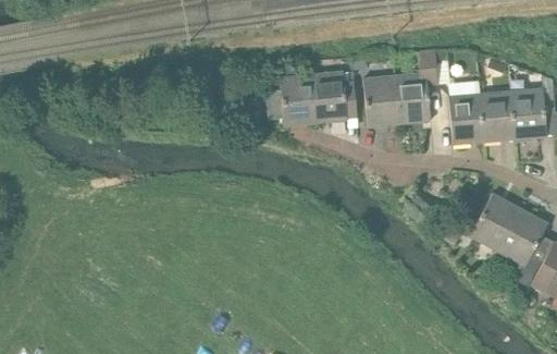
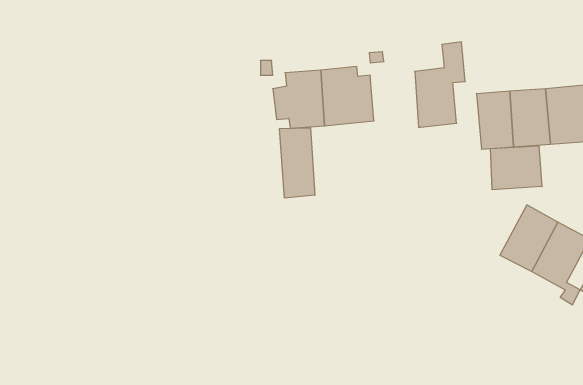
building: [364,75,398,126] -> none
building: none -> [280,128,315,198]
building: none -> [490,146,542,190]

